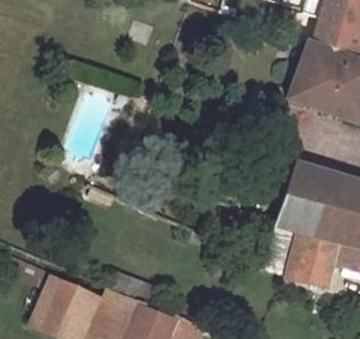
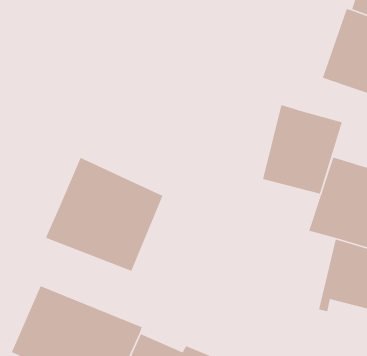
building: none -> [262,104,343,195]
building: none -> [45,157,163,272]

